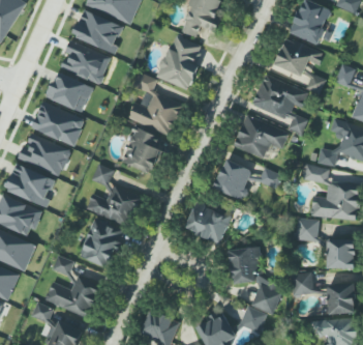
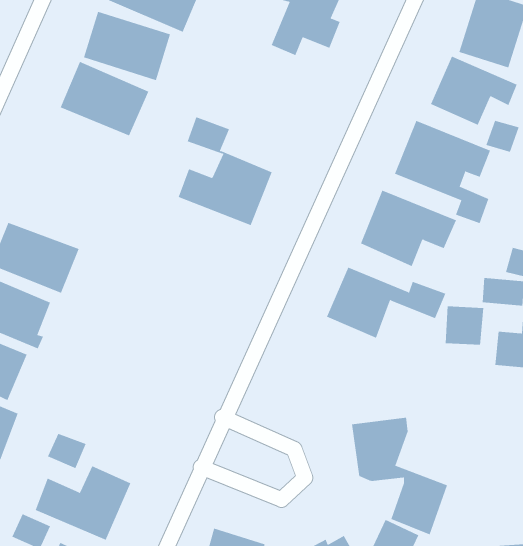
building: [156,34,205,90] -> none
building: [47,74,92,111] -> none
building: [32,104,84,145] -> none
building: [122,128,162,173] -> none
building: [86,164,140,226] -> none
building: [184,201,232,245] -> none
building: [296,219,319,241] -> [445,306,484,345]
building: [80,220,121,267] -> none
building: [291,272,313,296] -> none

